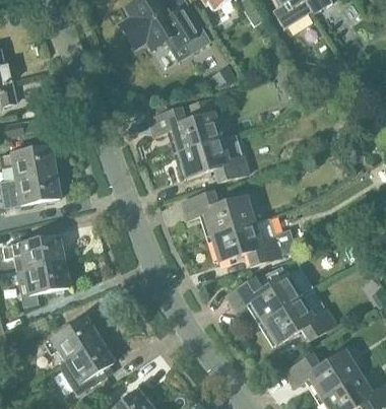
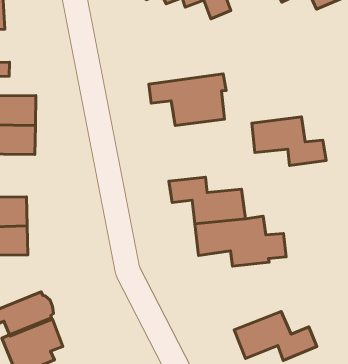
building: [178,138,249,183] -> [252,117,326,166]
building: [226,266,300,322] -> none

